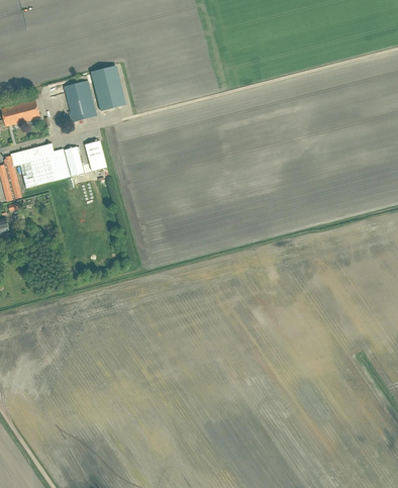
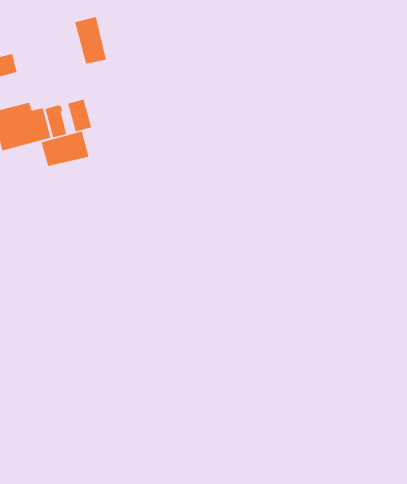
building: [64,80,96,122] -> none
building: none -> [40,131,89,167]

